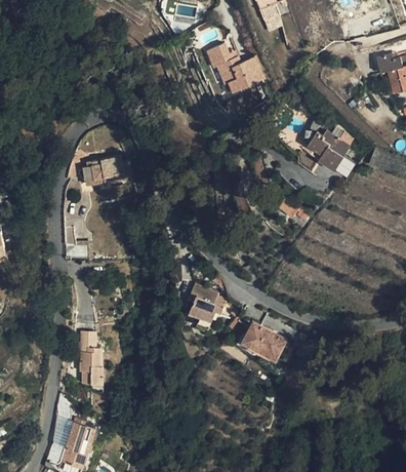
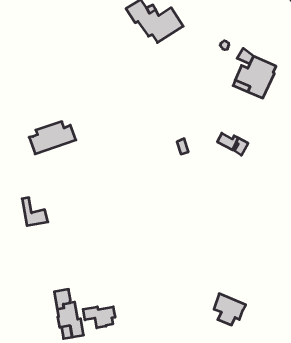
building: [188,283,225,321] -> none
building: [246,322,280,357] -> [214,294,246,325]
building: none -> [83,307,115,328]

